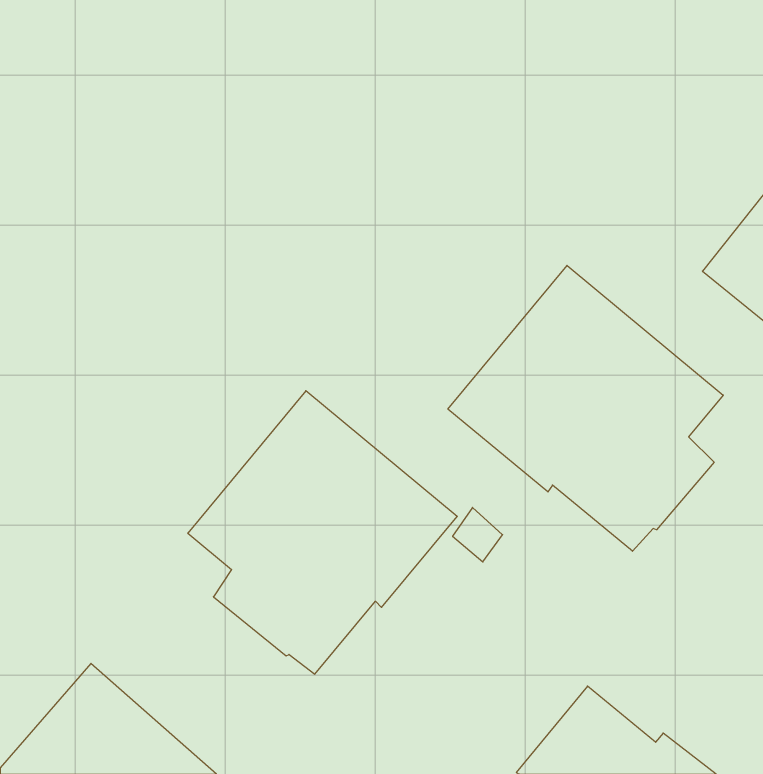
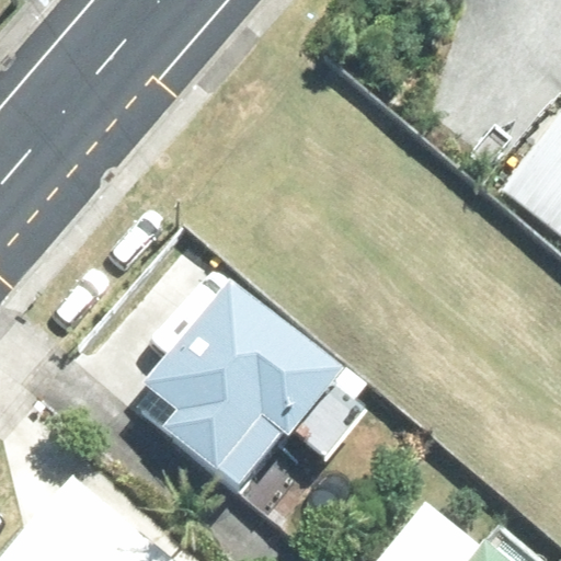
building: [448,265,723,551] -> none

